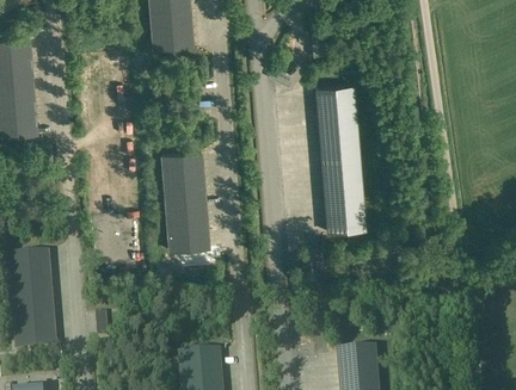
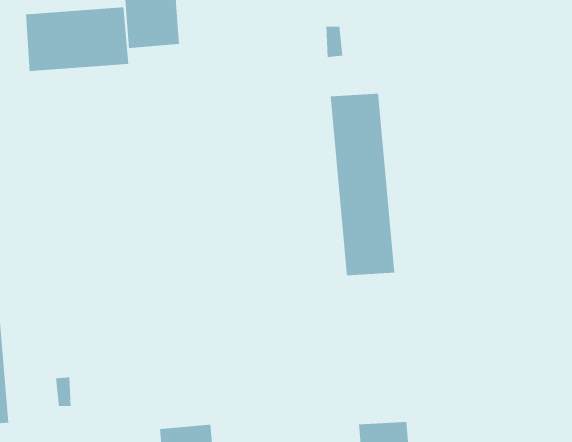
building: none -> [26,7,129,72]
building: [161,151,211,250] -> none

